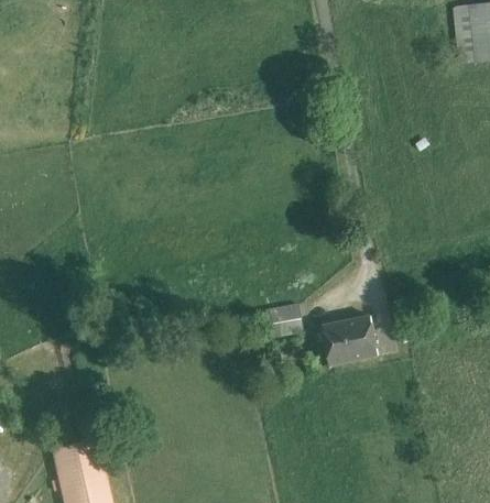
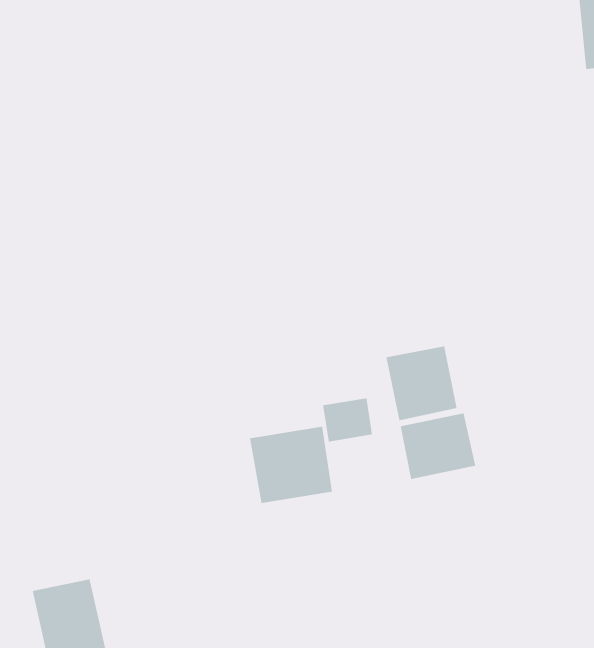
building: none -> [386,346,457,421]
building: none -> [249,426,333,504]

